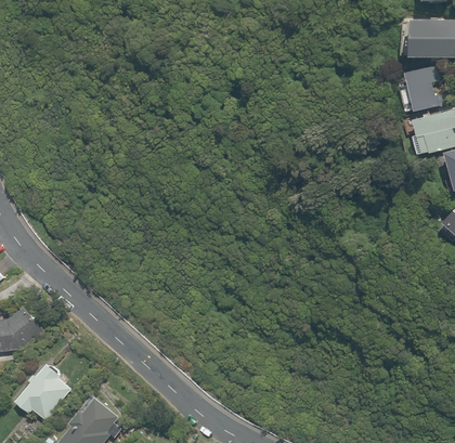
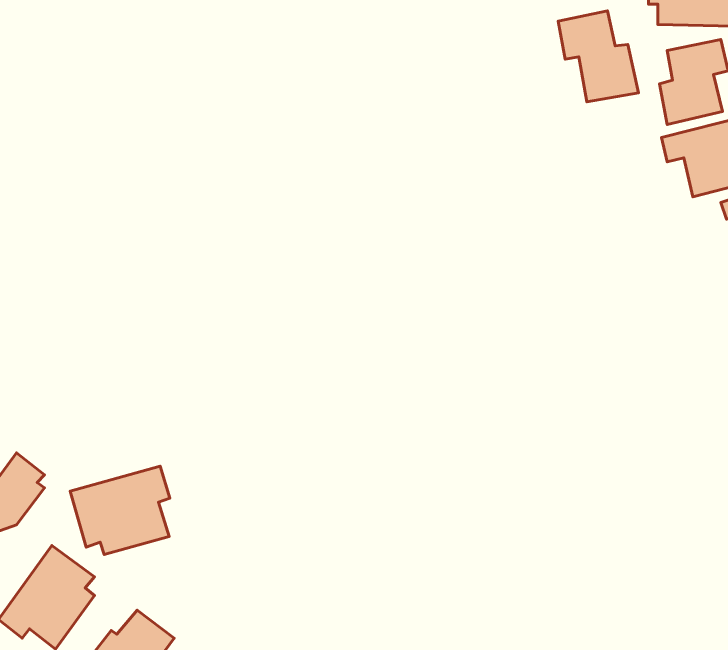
building: none -> [558,11,639,102]
building: none -> [70,466,170,555]

